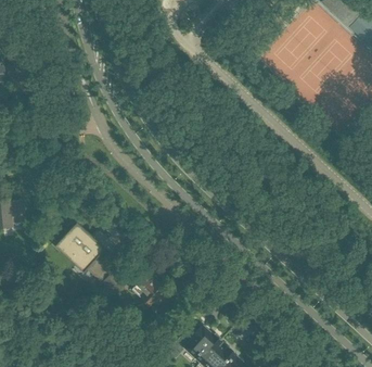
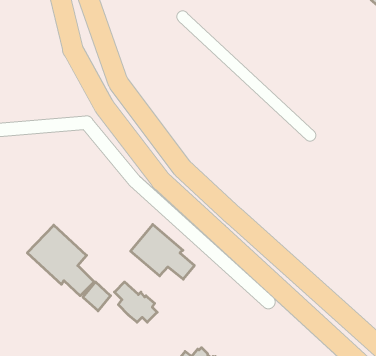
building: none -> [131,224,194,279]

